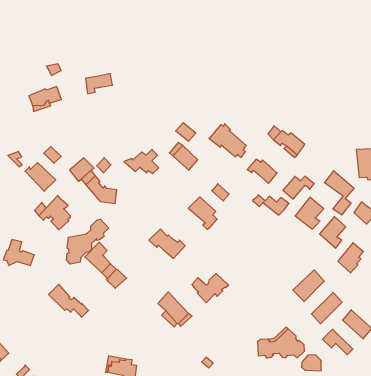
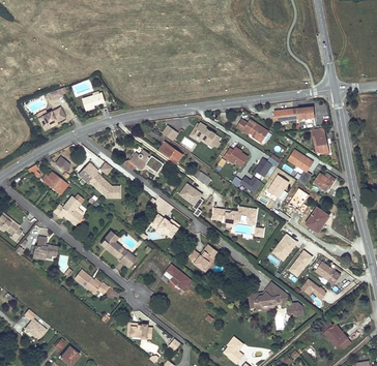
building: none -> [274,106,315,124]
building: [67,219,109,264] -> none
building: none -> [212,207,257,225]

